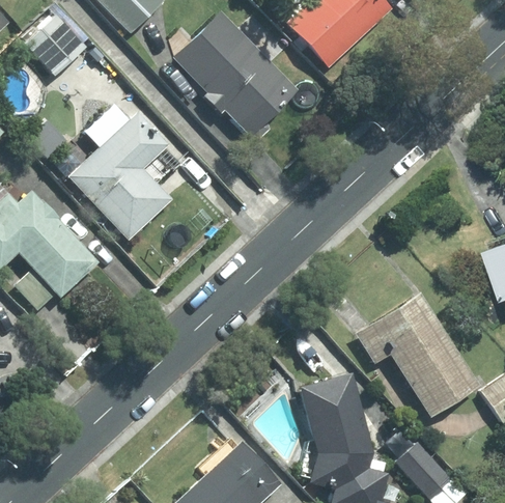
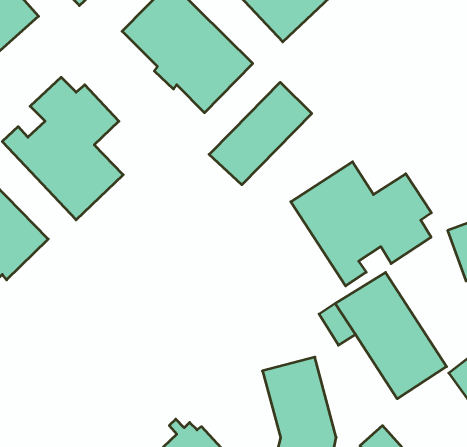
building: none -> [209,82,312,185]
building: none -> [291,162,431,286]

